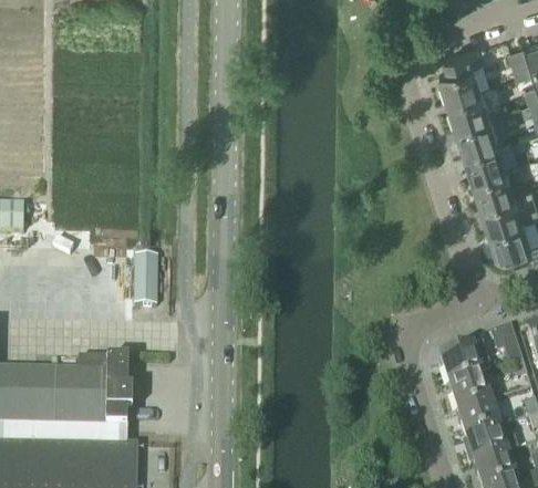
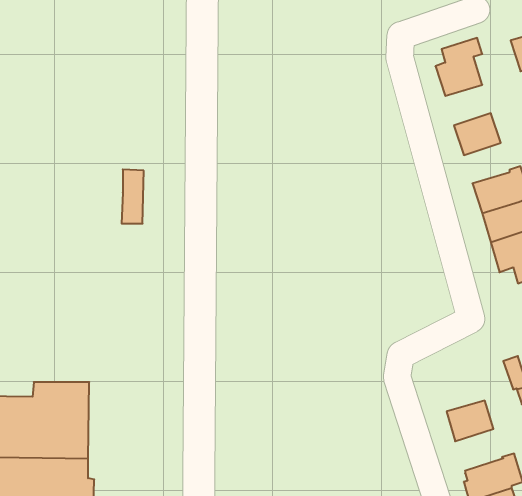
building: [447,87,488,124] -> none
building: [464,139,505,176] -> none
building: [136,252,156,301] -> [122,169,144,224]
building: [438,340,489,381] -> none
building: [456,396,499,434] -> none

